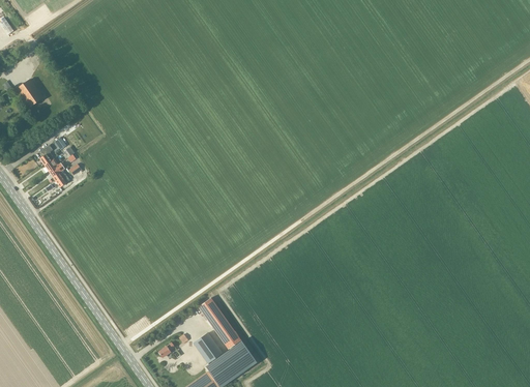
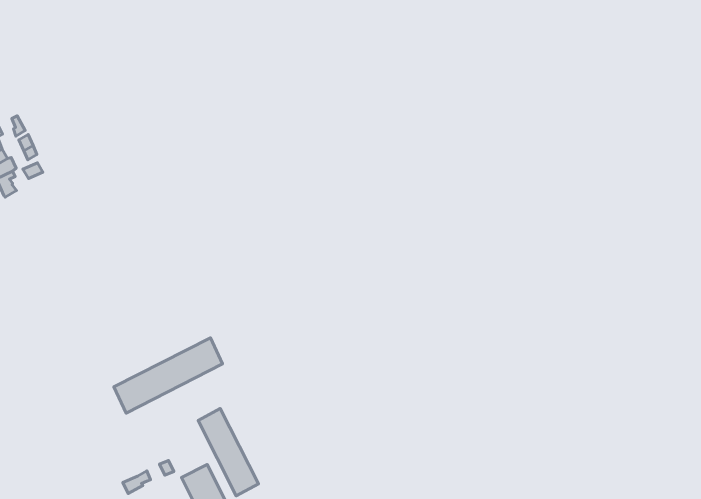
building: none -> [114,338,223,413]

